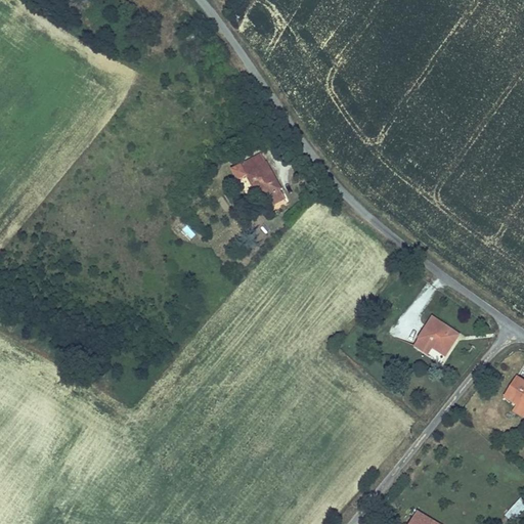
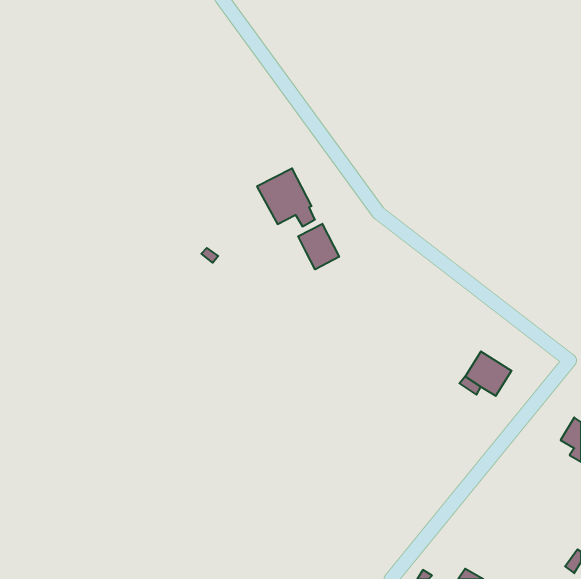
building: none -> [298,224,339,269]

